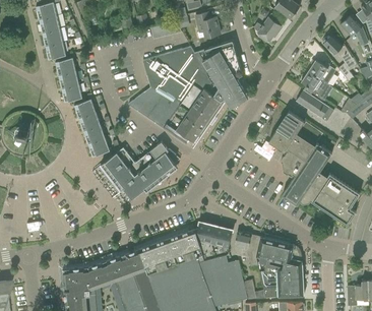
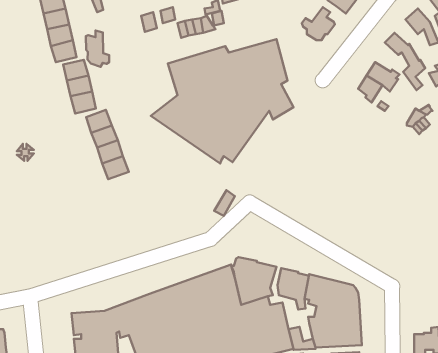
building: [195,13,221,38] -> none
building: none -> [86,30,109,67]
building: [296,89,333,122] -> none
building: [269,112,360,226] -> none
building: [101,142,180,197] -> none

